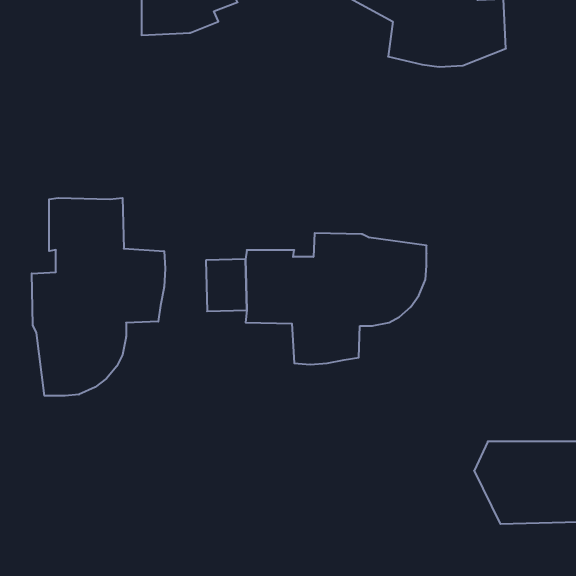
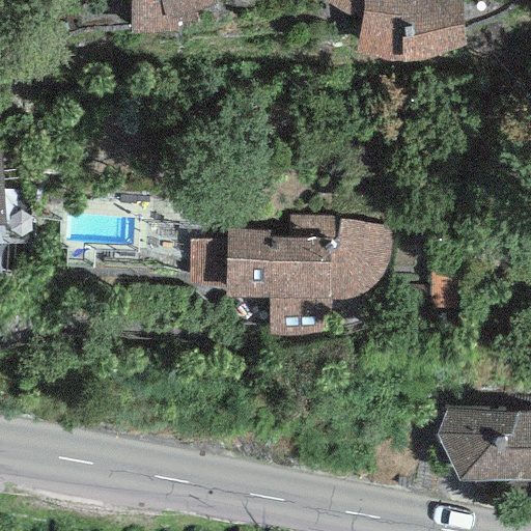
building: [32,198,165,396] -> none

